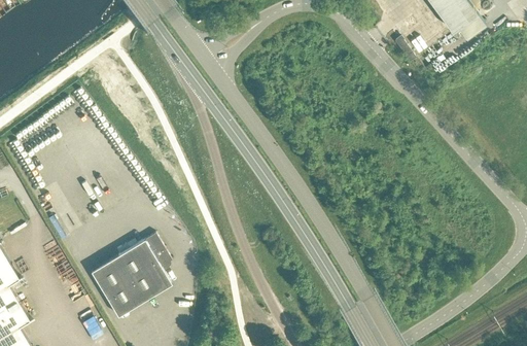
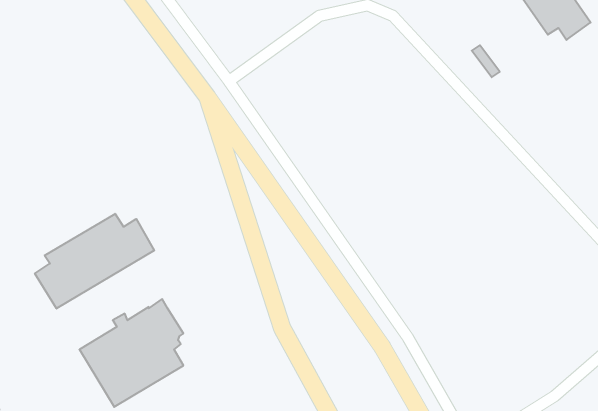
building: none -> [35,214,154,309]

